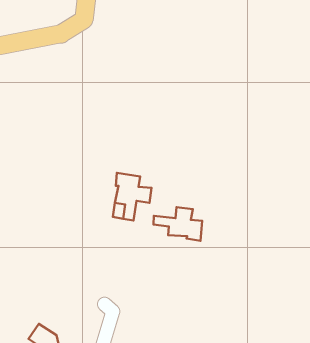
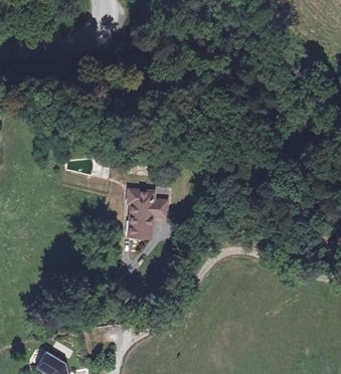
building: [153,207,202,241] -> none

